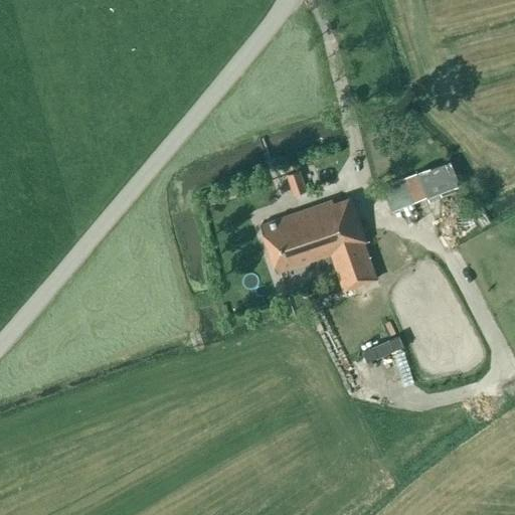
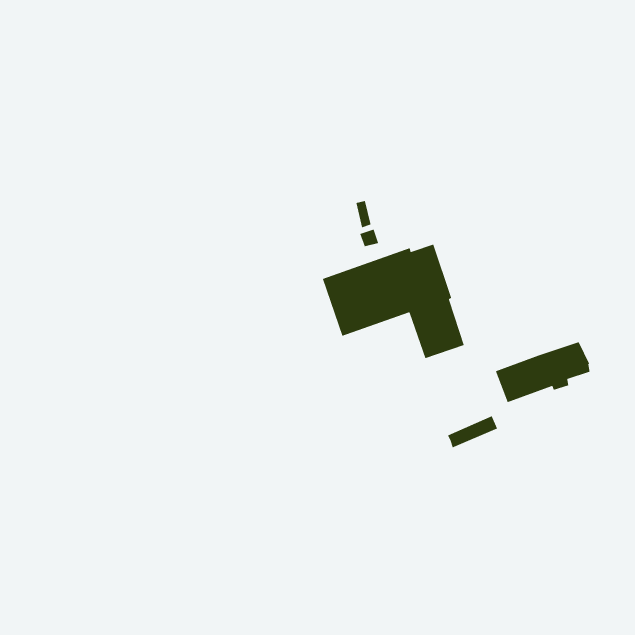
building: [381,163,459,213] -> [495,341,590,403]

